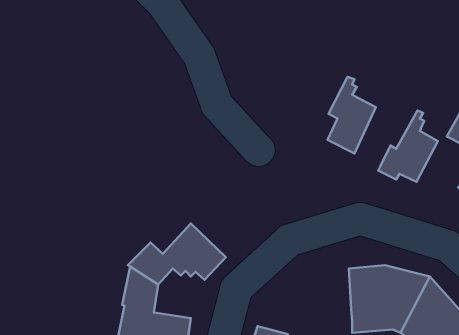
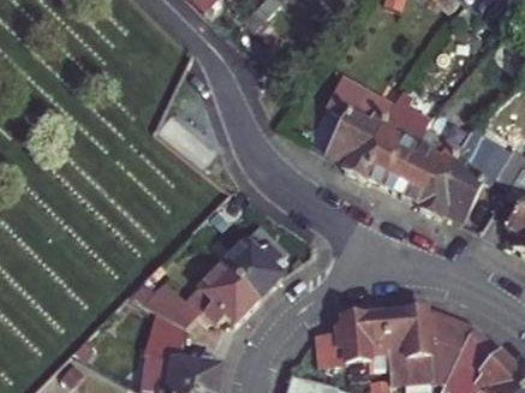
building: none -> [323,69,393,179]
building: none -> [394,127,461,203]
building: none -> [220,227,284,300]
building: none -> [339,312,392,371]

